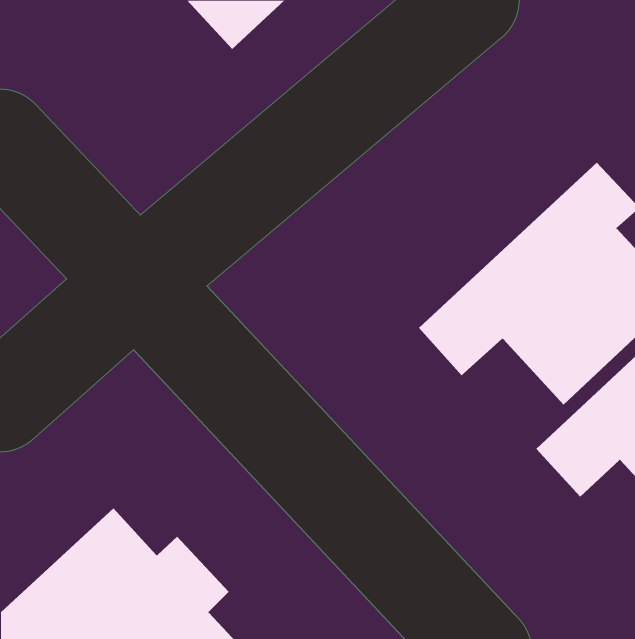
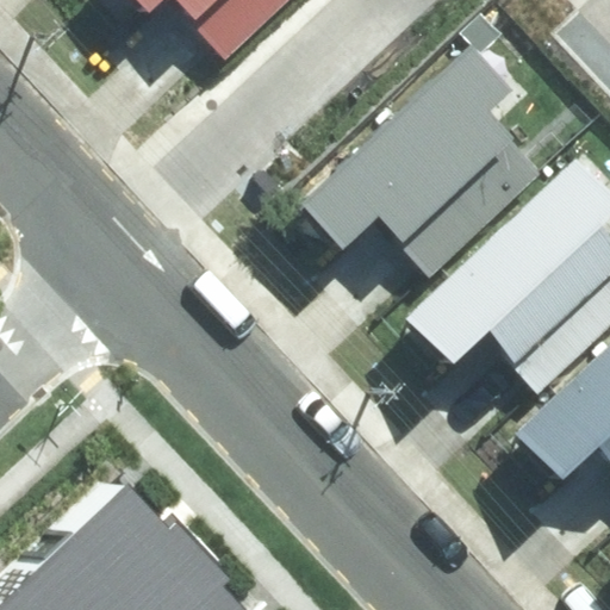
building: none -> [299,48,546,275]

